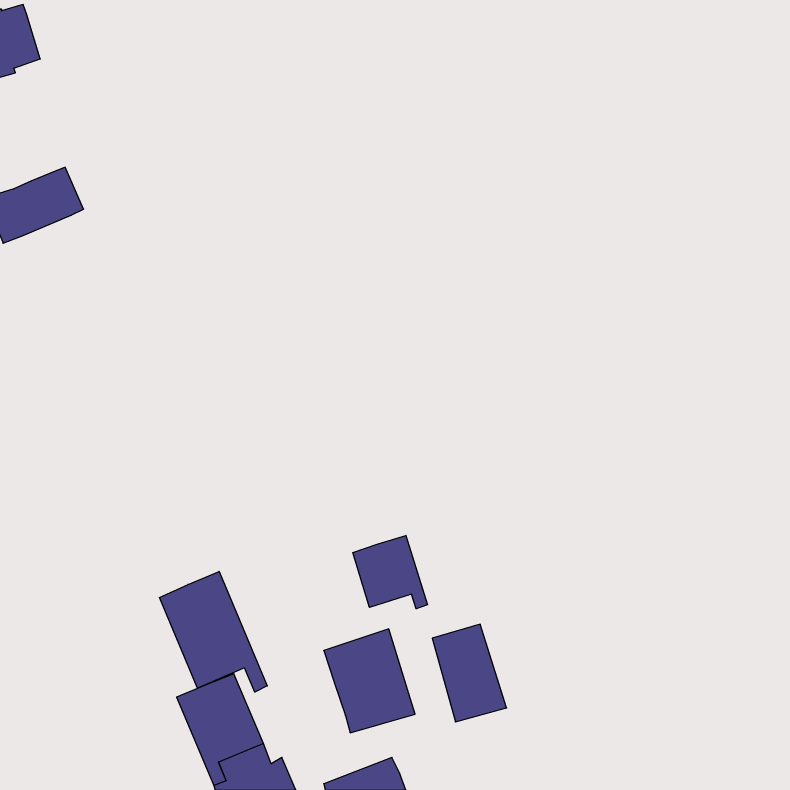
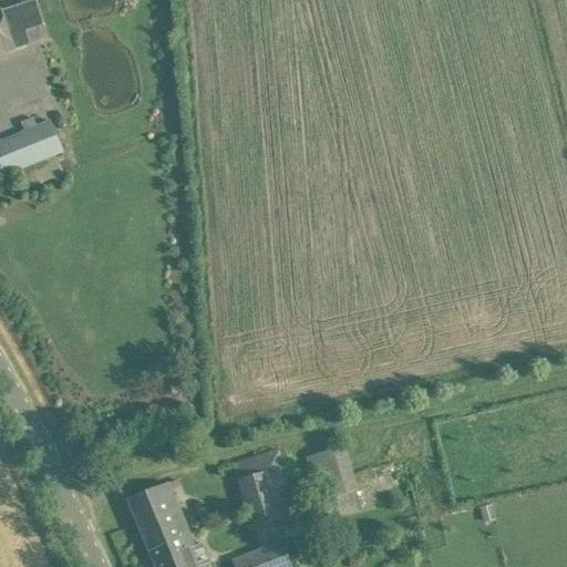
building: [353,535,427,609] -> none
building: [159,571,267,692] -> none

